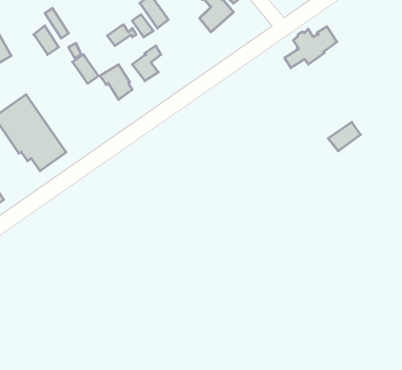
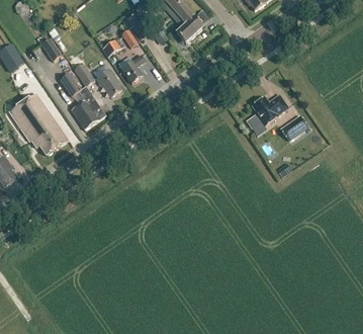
building: [285,27,337,68] -> [245,95,287,129]
building: none -> [60,73,105,131]

